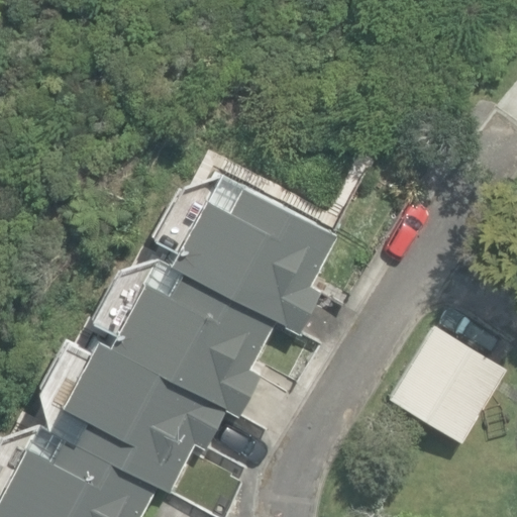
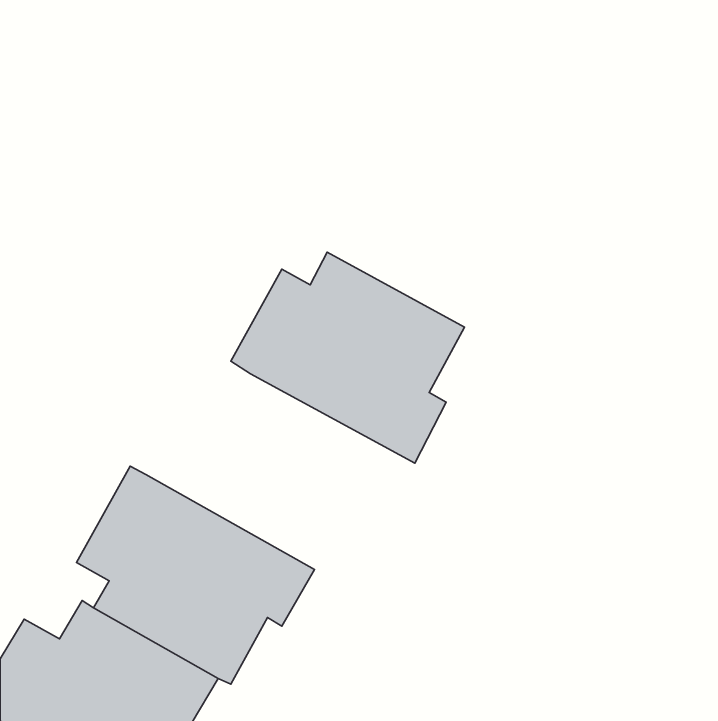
building: [108,269,278,415] -> none
building: [388,322,510,444] -> none

